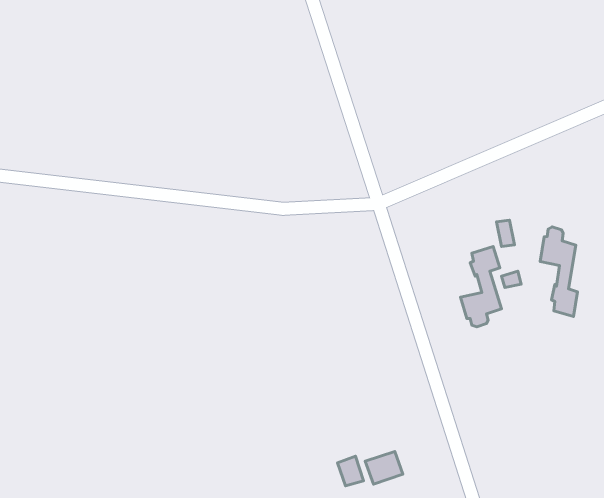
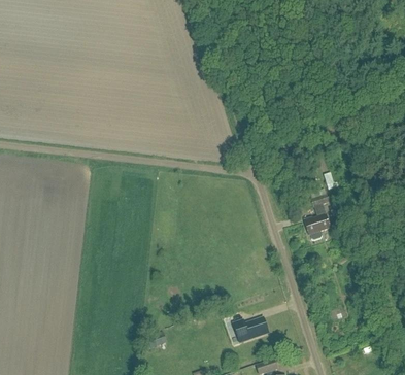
building: [540,227,578,317] -> none

